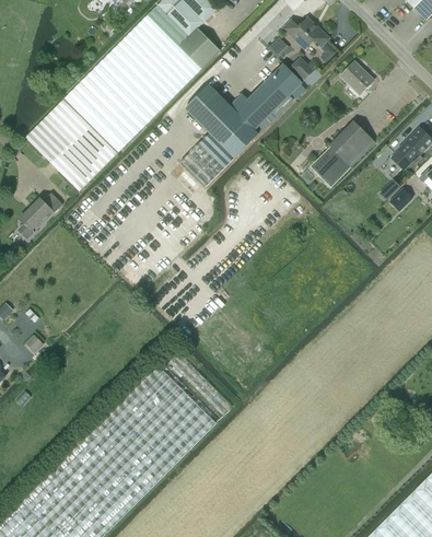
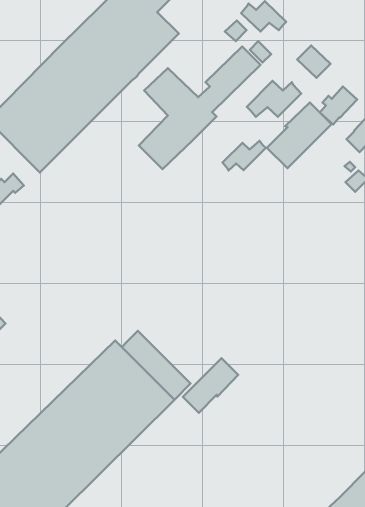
building: none -> [247,81,301,117]
building: none -> [320,86,357,124]
building: none -> [222,141,266,171]
building: none -> [183,358,238,413]

